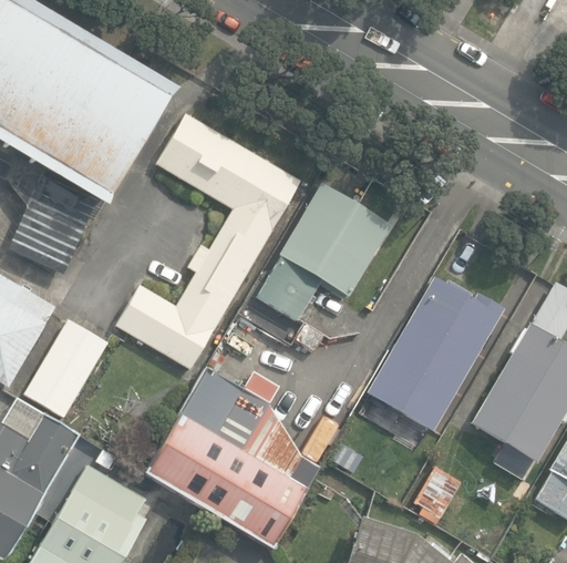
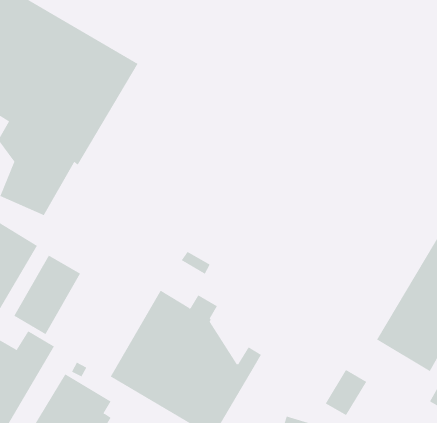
building: [115,114,299,369] -> none
building: [258,185,390,320] -> none
building: [365,278,503,432] -> none

